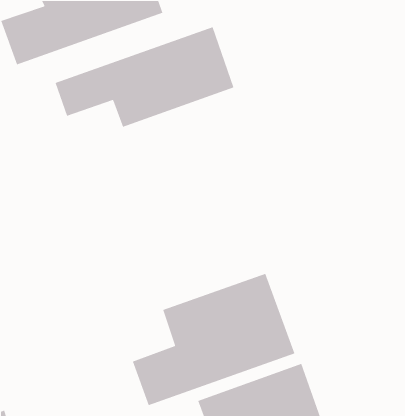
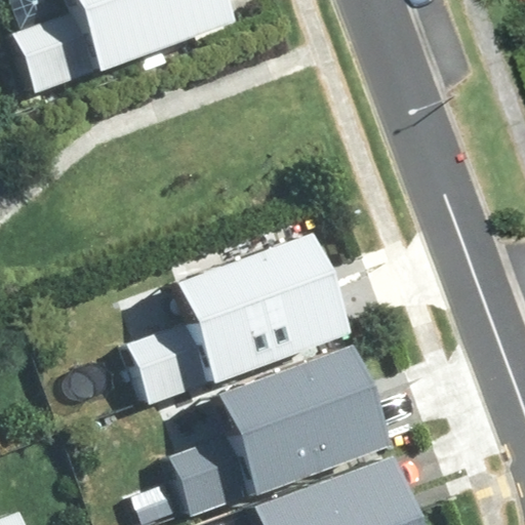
building: [55,26,234,128] -> none
building: none -> [133,234,338,401]

